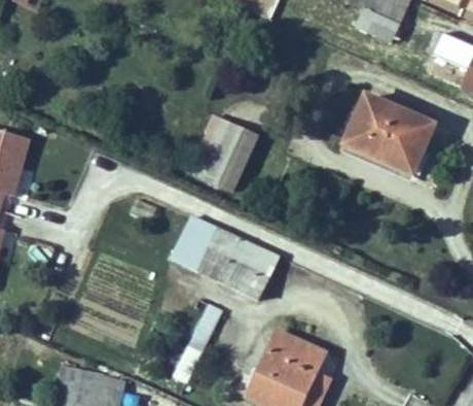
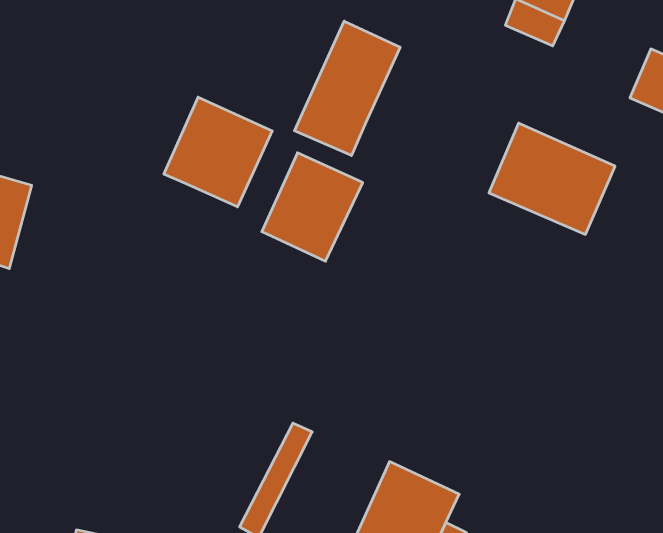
building: none -> [294,21,400,156]
building: none -> [164,97,272,207]
building: [171,215,279,300] -> none

